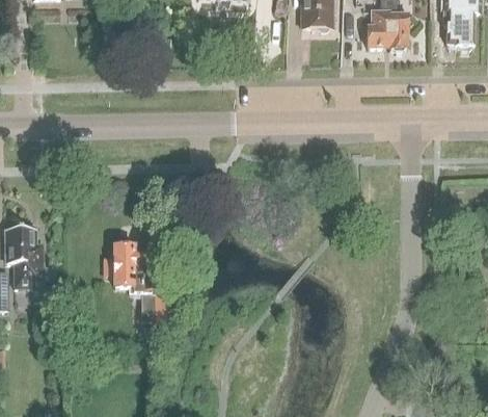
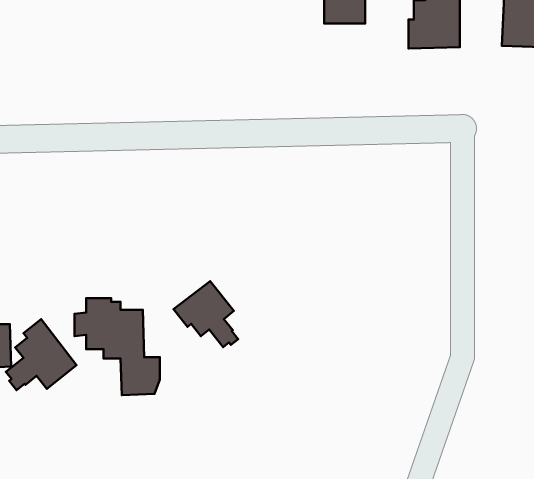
building: none -> [173,281,238,347]
building: none -> [6,319,76,390]

